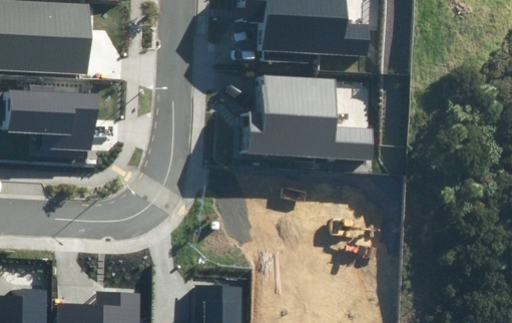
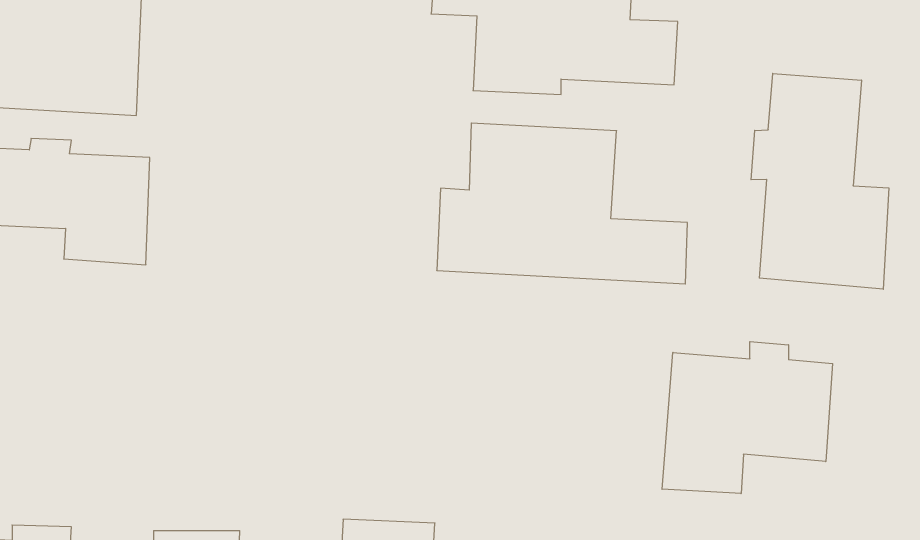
building: none -> [751,73,889,289]
building: none -> [662,342,833,494]

